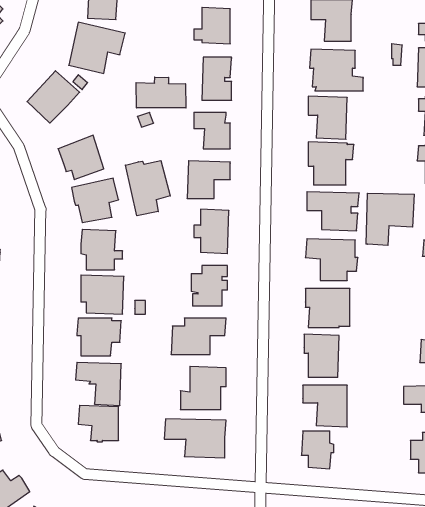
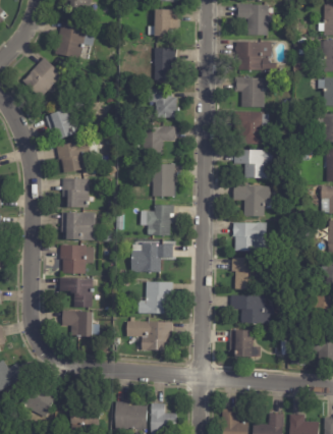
building: [136,77,186,108] -> none
building: [125,161,170,216] -> none
building: [366,193,414,245] -> none

